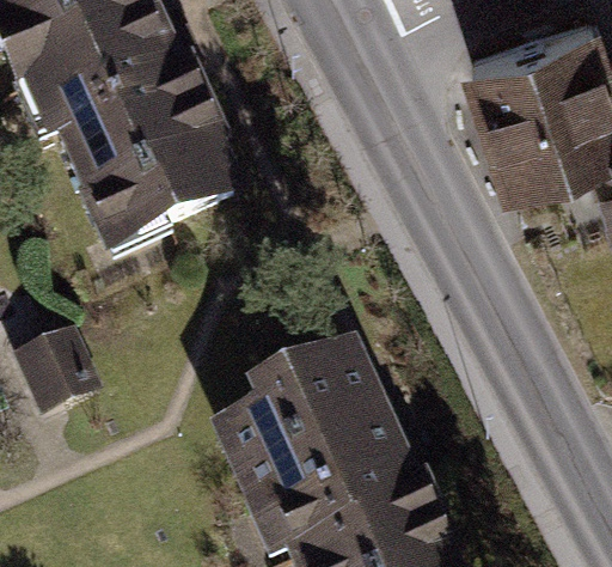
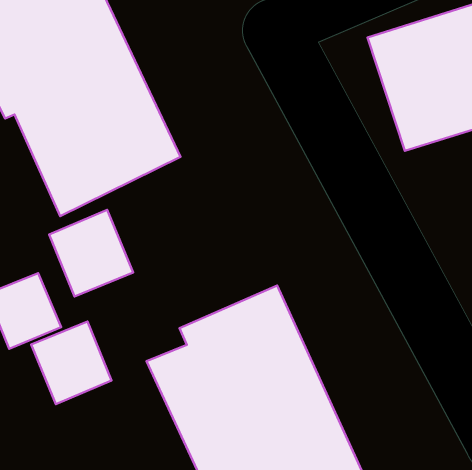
building: none -> [49,210,133,297]
building: none -> [31,321,111,404]

